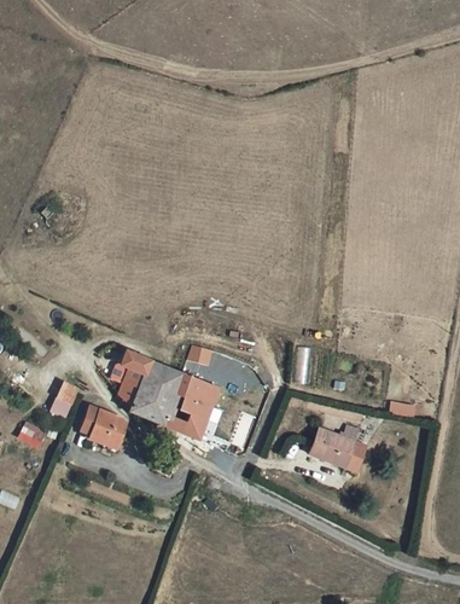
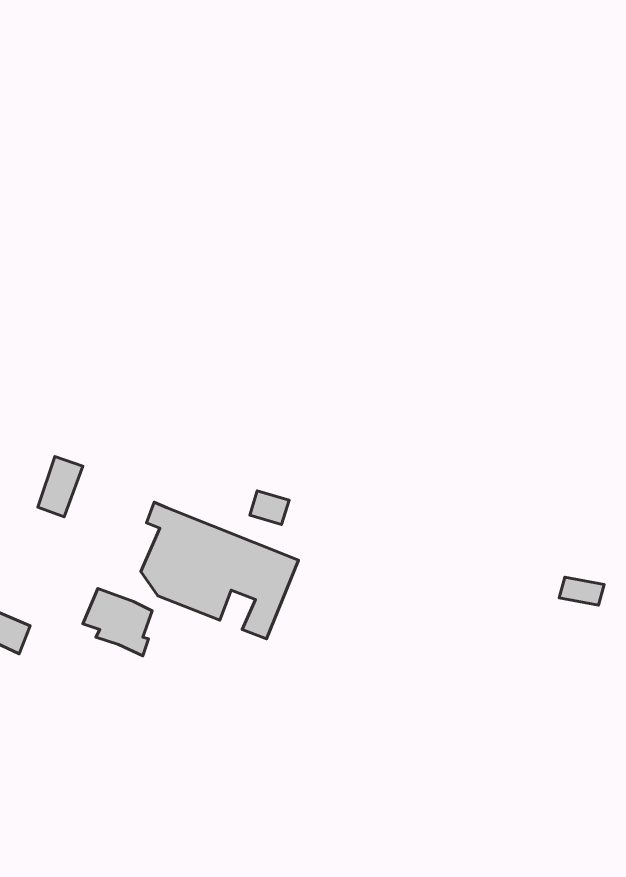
building: [48,379,77,418] -> [38,457,83,517]
building: [309,424,365,470] -> none

